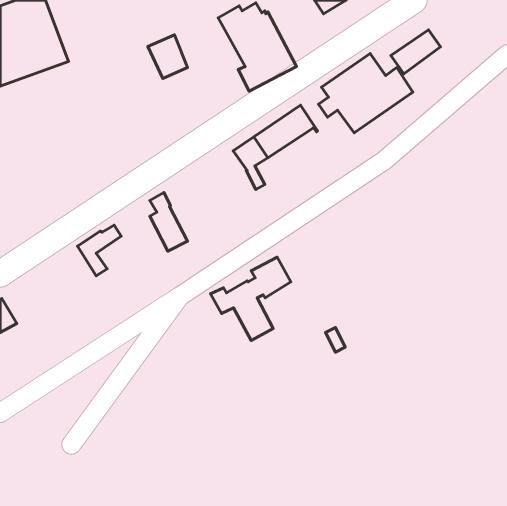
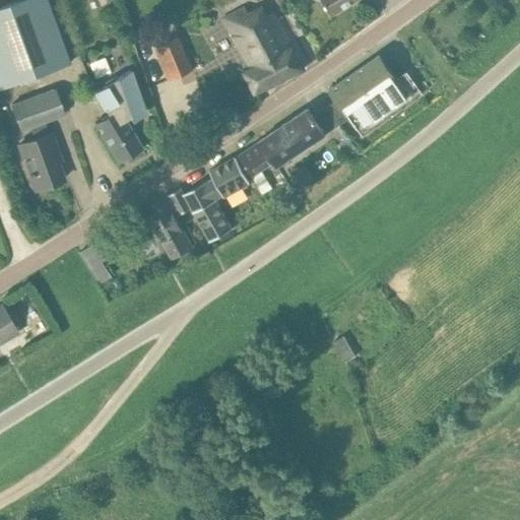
building: [391,30,440,74] -> none
building: none -> [91,72,146,165]
building: none -> [10,89,64,190]
building: [211,257,291,340] -> [168,157,250,243]

